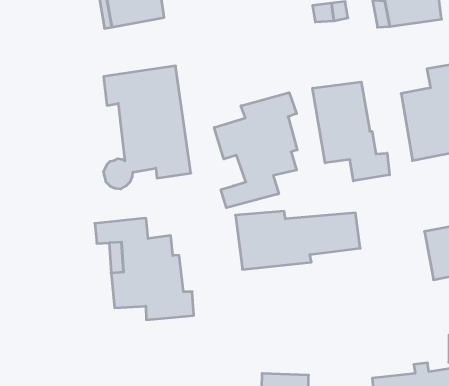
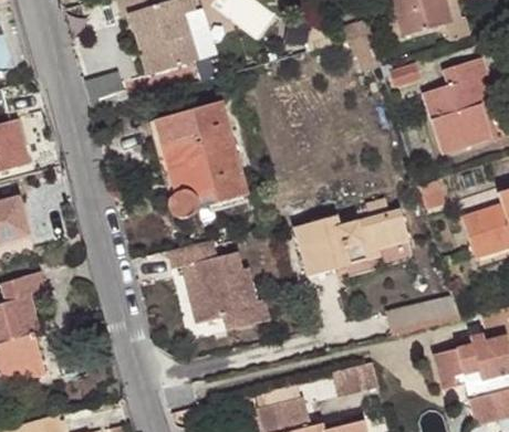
building: [313,82,390,181] -> none
building: [214,93,297,208] -> none
building: none -> [384,296,456,336]

